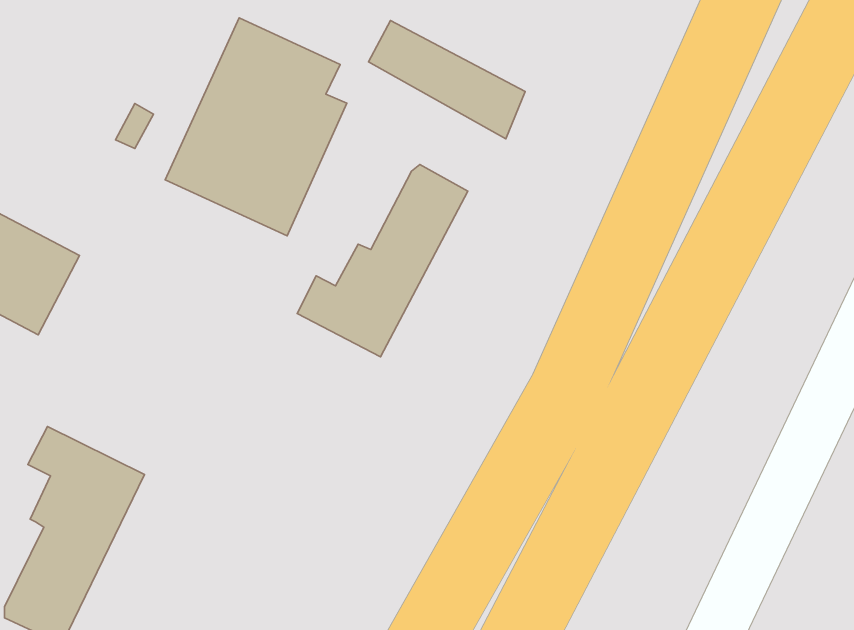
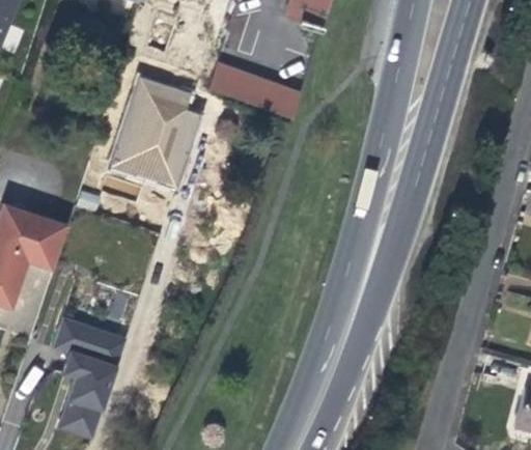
building: [297,164,468,357] -> none

